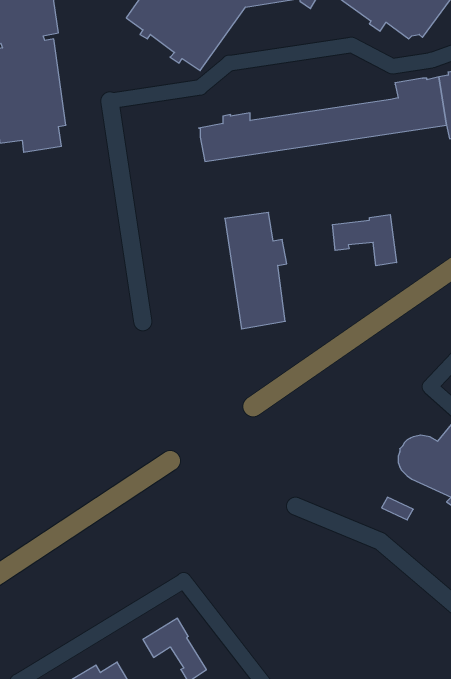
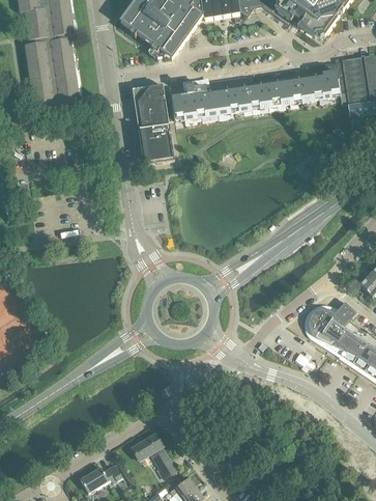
building: [225,212,287,329] -> [133,85,175,165]
building: [332,215,397,266] -> none

